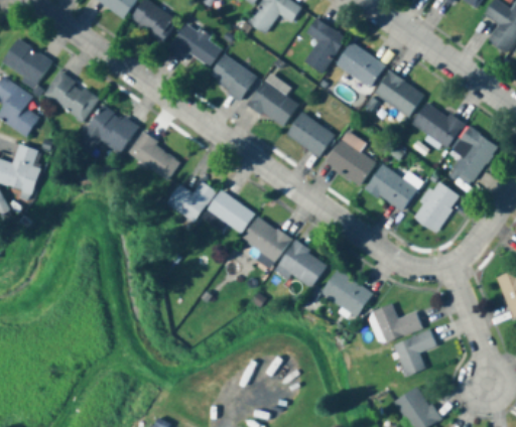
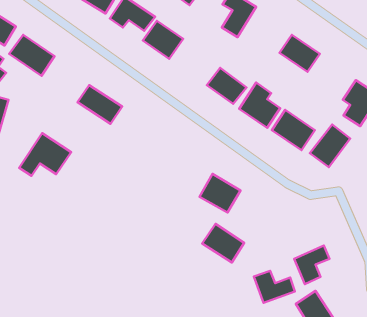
building: [336,41,385,88] -> none
building: [248,72,298,125] -> none
building: [412,99,464,147] -> none
building: [76,102,139,154] -> [19,133,71,176]
building: [167,180,255,232] -> none
building: [242,215,291,268] -> none
building: [320,269,372,316] -> [202,224,244,263]
building: [372,302,422,341] -> [254,271,295,303]

